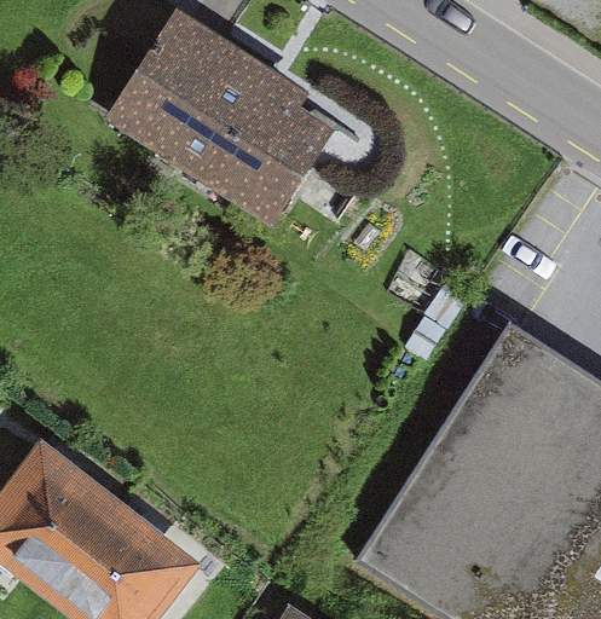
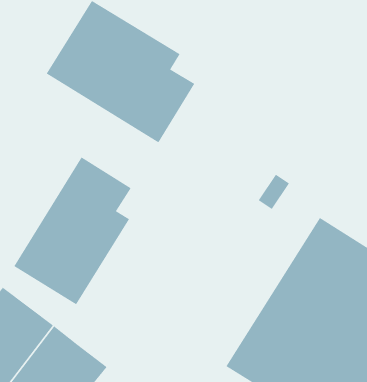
building: none -> [13,157,131,305]

